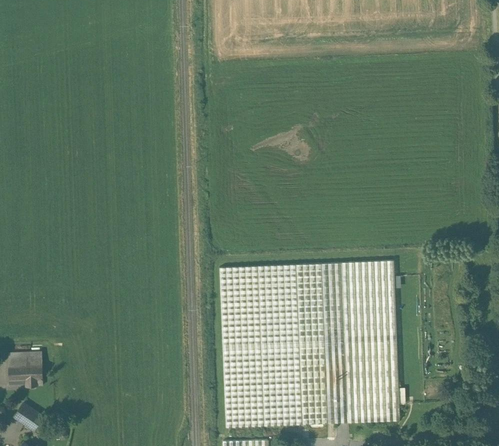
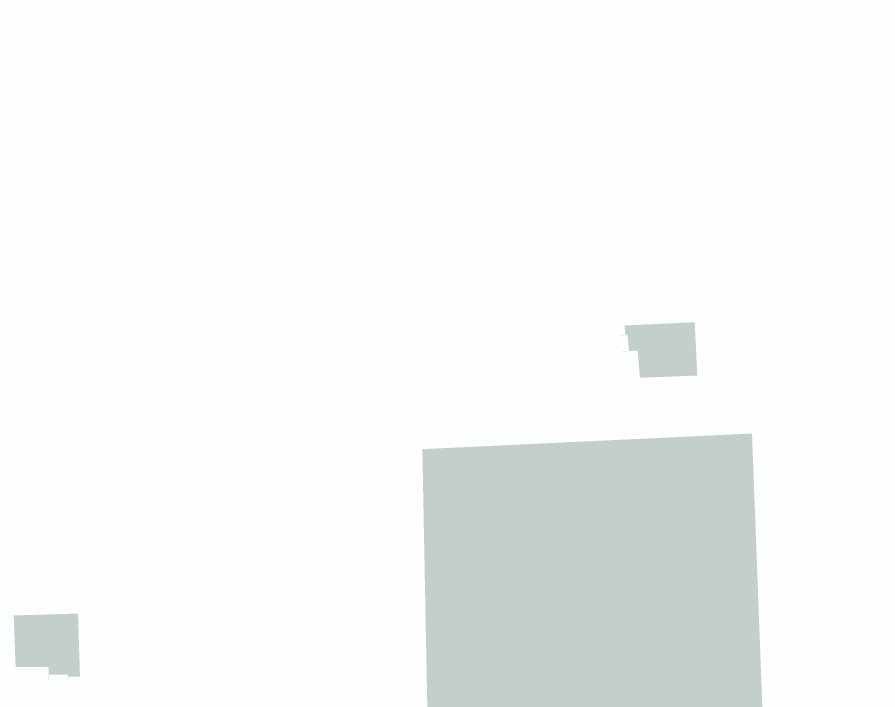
building: none -> [621,321,698,379]

